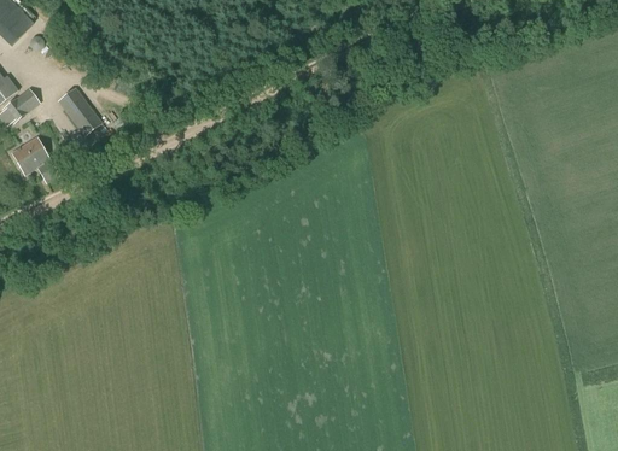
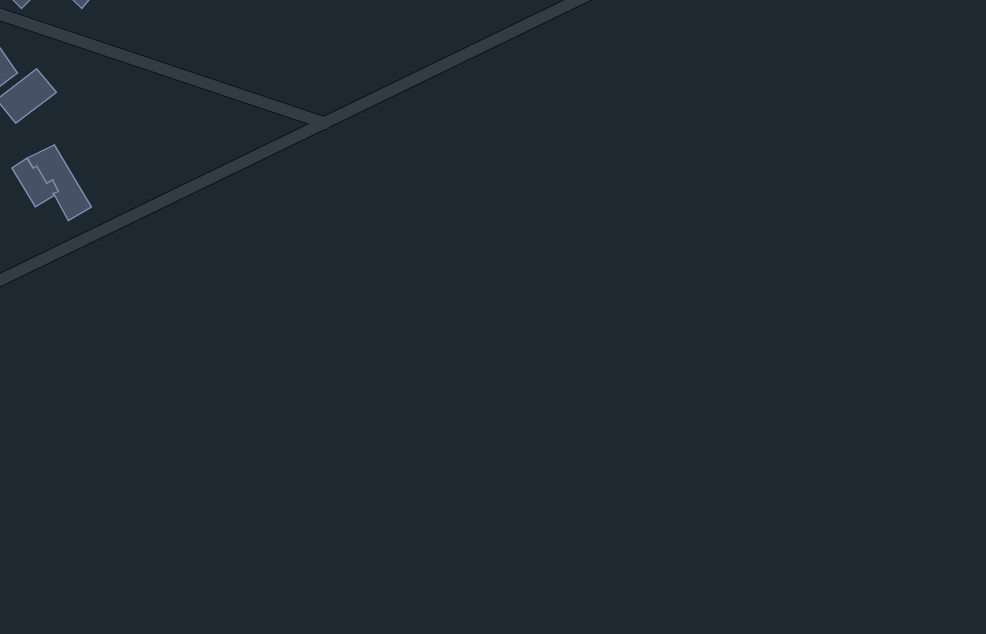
building: [54,83,100,134] -> none

